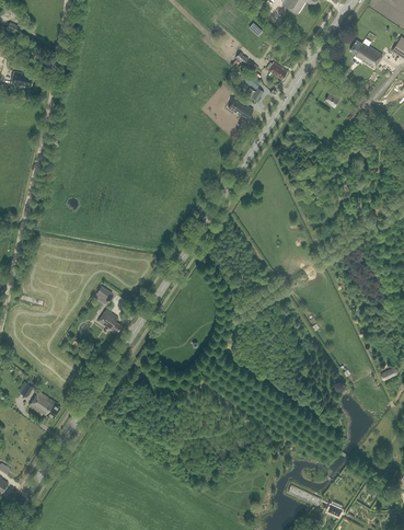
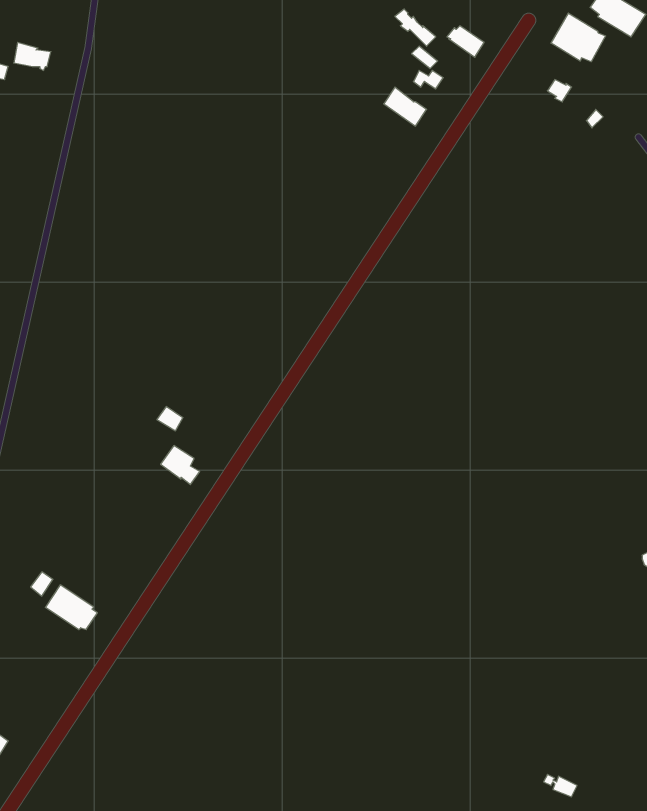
building: none -> [551,13,606,62]

